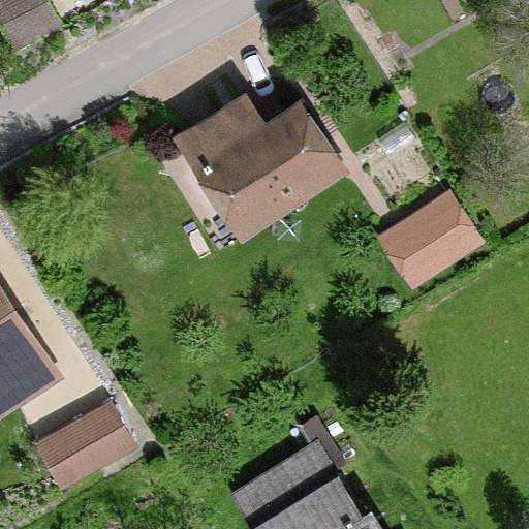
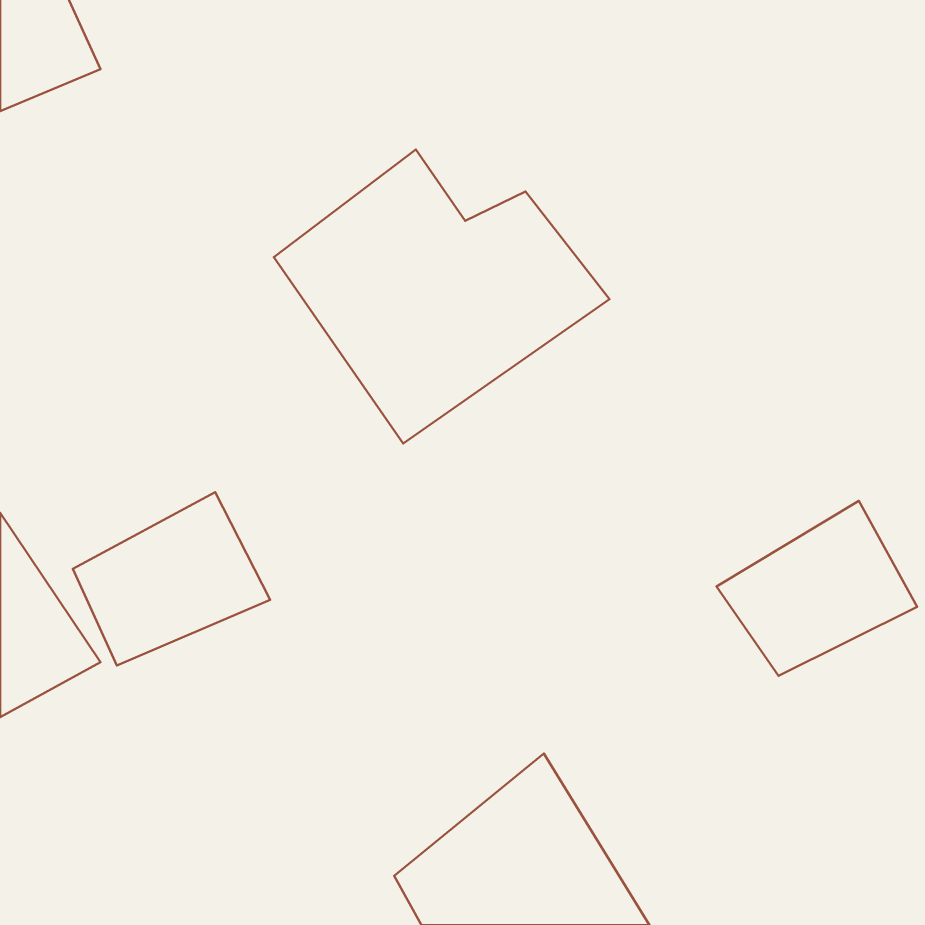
building: [371,191,485,290] -> [716,501,917,676]
building: [29,399,141,497] -> [73,492,270,666]

